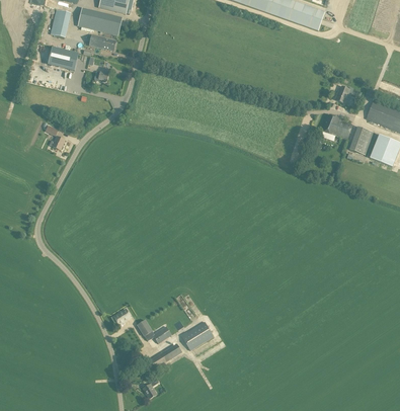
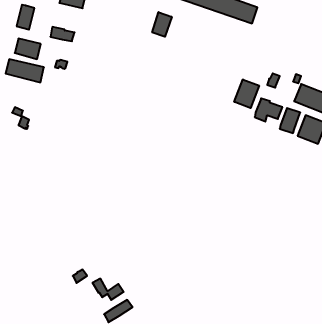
building: [77,8,121,34] -> [6,59,44,82]
building: none -> [152,12,172,37]
building: none -> [234,79,259,108]
building: [179,321,213,350] -> none

